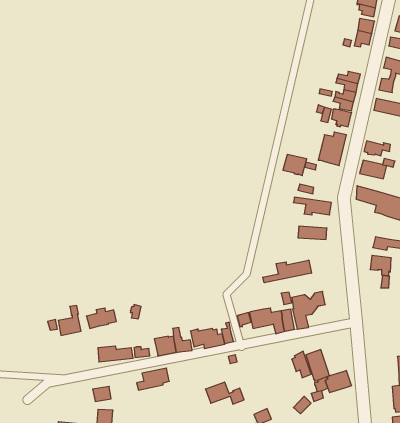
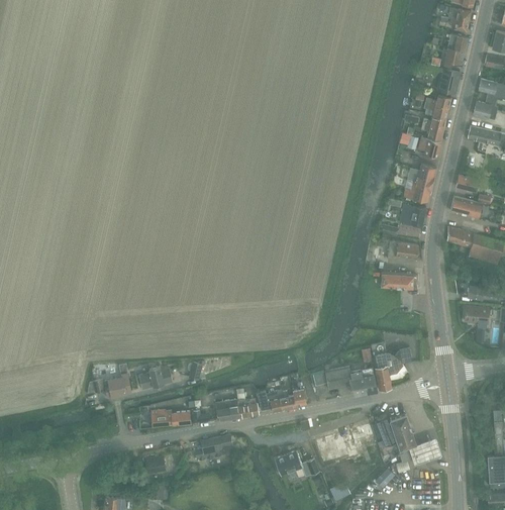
building: none -> [437,68,461,93]
building: [283,154,307,176] -> [399,203,426,227]
building: [263,260,311,283] -> none

